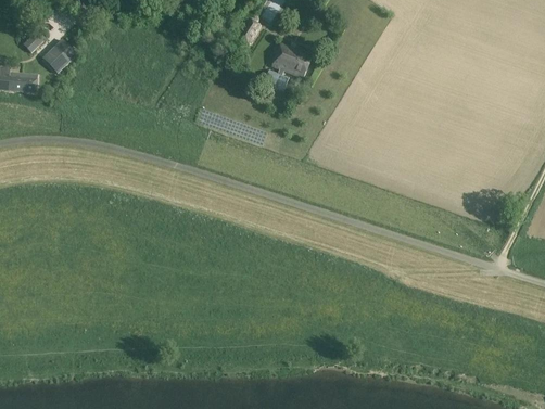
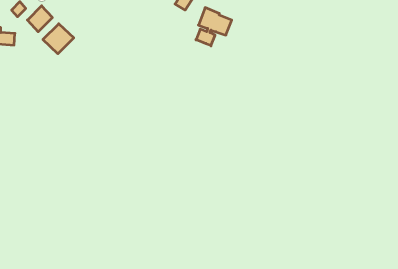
building: none -> [43,24,74,54]

